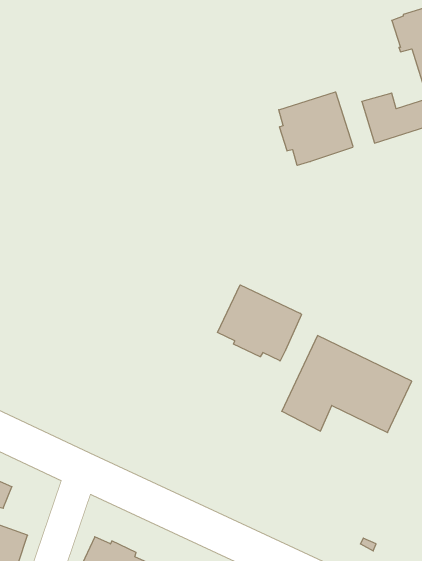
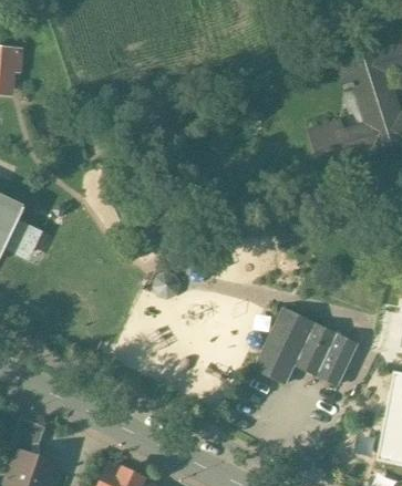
building: [279,92,353,165] -> none
building: [218,285,302,361] -> none

